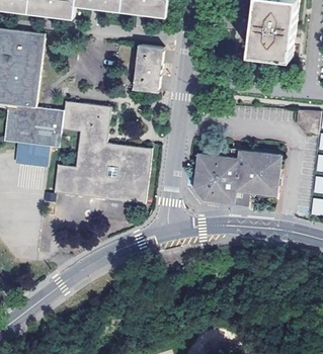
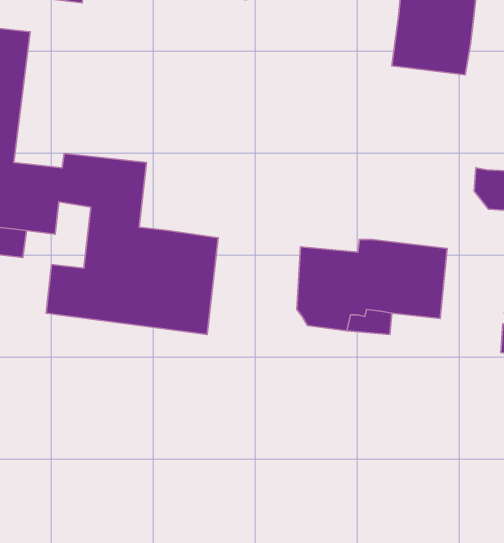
building: [133,45,163,92] -> none

